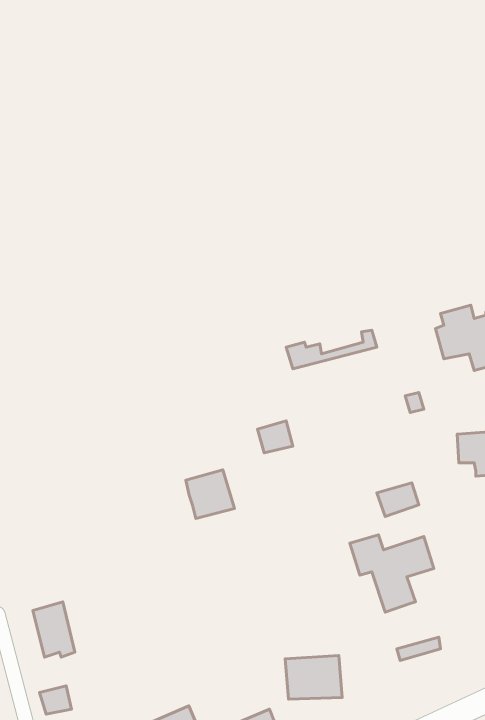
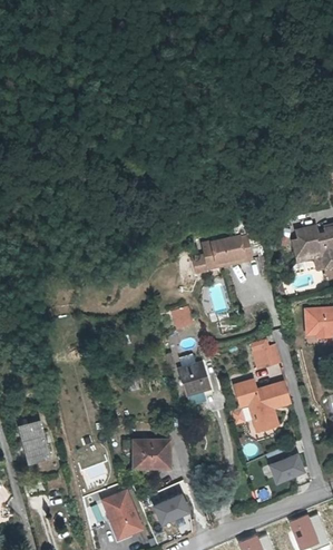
building: none -> [200,220,248,258]
building: [186,470,234,519] -> [178,360,210,392]
building: none -> [271,455,304,483]
building: [285,656,342,699] -> [134,436,172,465]

